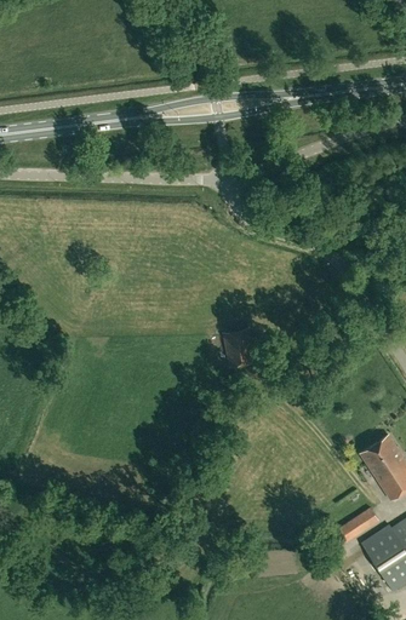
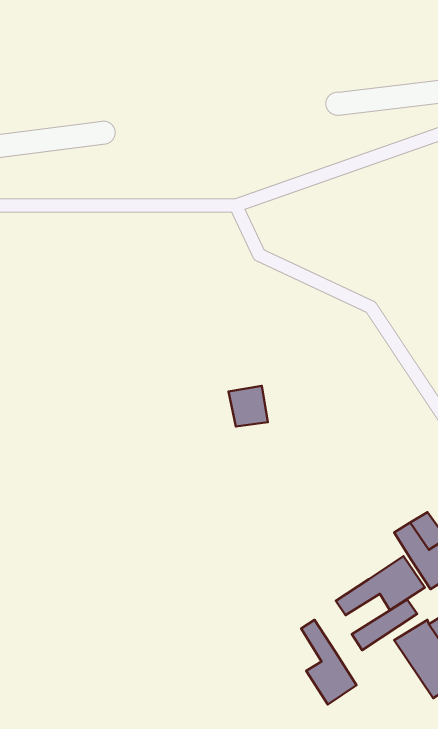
building: none -> [336,556,425,615]
building: none -> [301,620,357,704]

